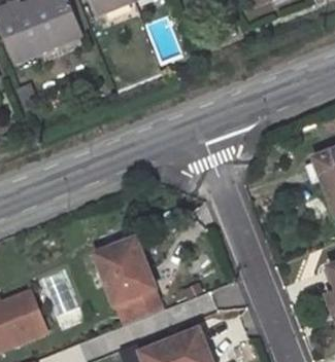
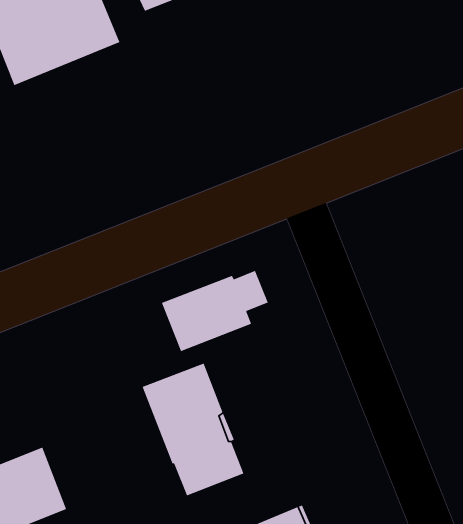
building: none -> [161,270,269,352]

